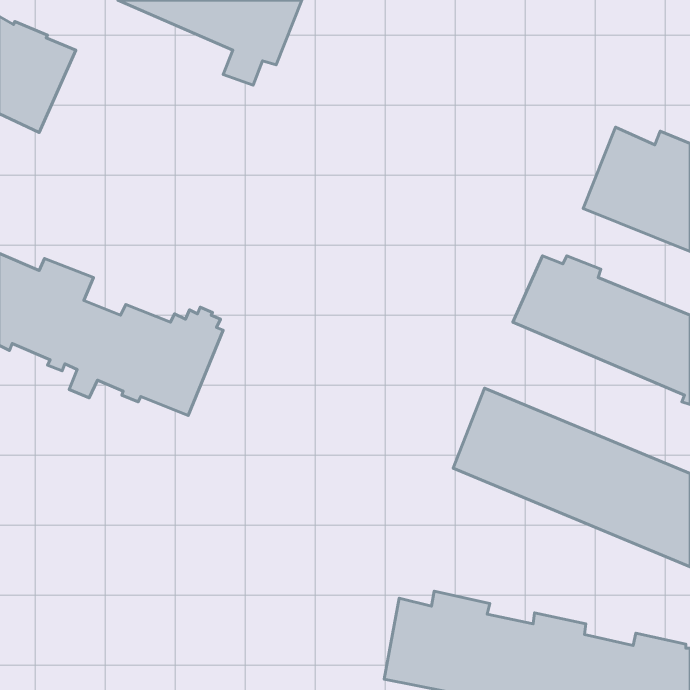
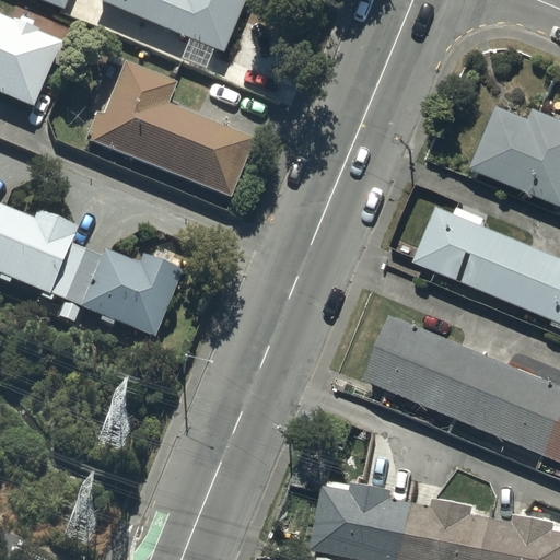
building: none -> [84,60,253,199]

